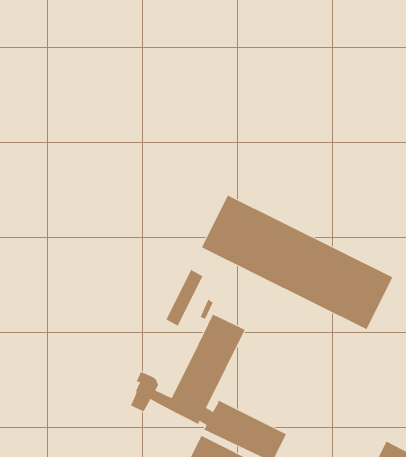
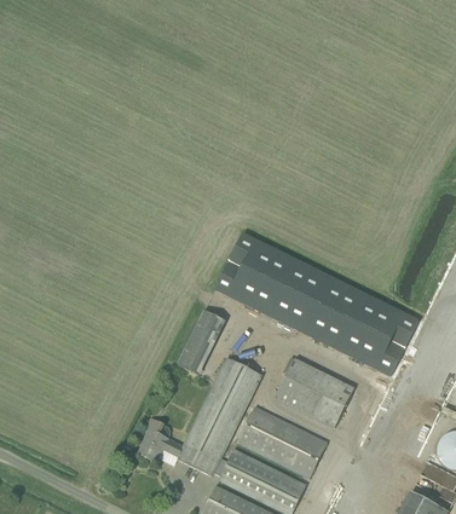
building: none -> [276,357,356,427]
building: none -> [238,406,328,478]

